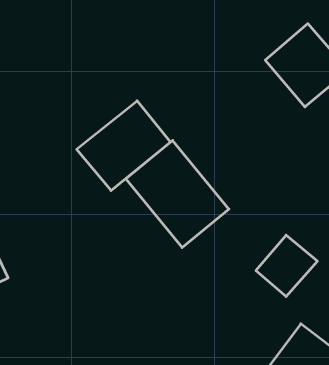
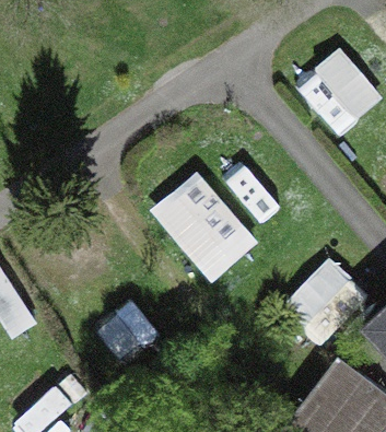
building: [77,101,170,191] -> none

